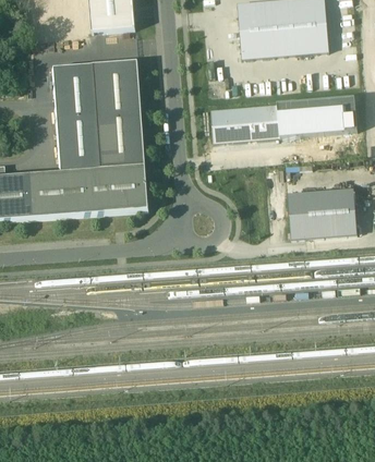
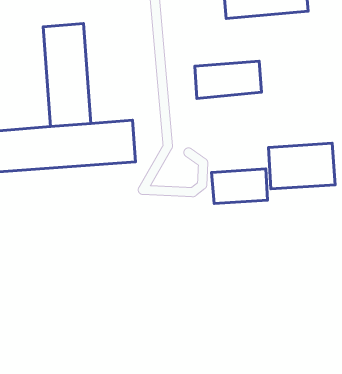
building: [94,60,145,168] -> none
building: [278,96,358,135] -> none
building: none -> [212,169,268,204]

